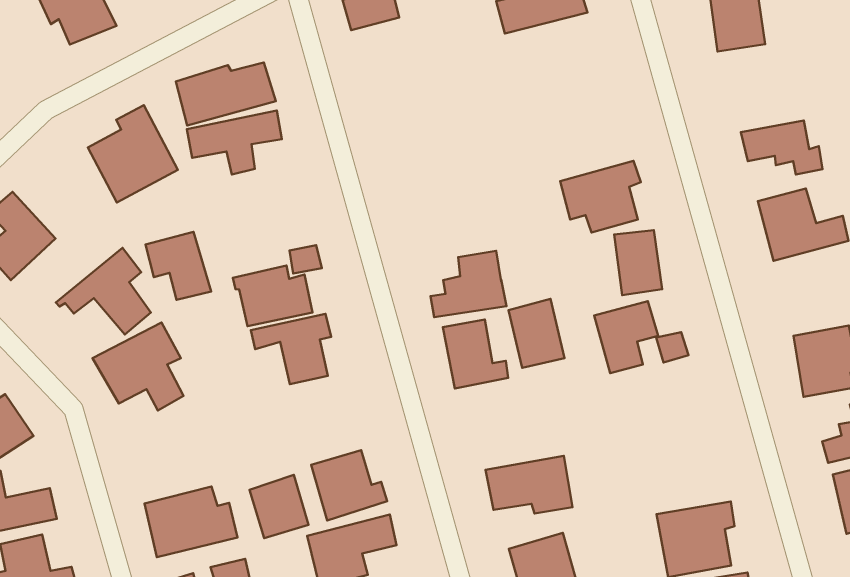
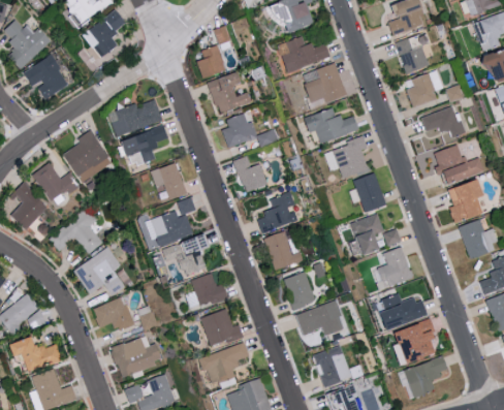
building: none -> [303,63,347,103]
building: none -> [208,73,252,114]
building: none -> [405,72,443,107]
building: none -> [221,114,279,149]
building: none -> [303,108,359,143]
building: none -> [33,163,80,203]
building: none -> [233,156,267,193]
building: [145,232,211,300] -> [150,162,188,200]
building: none -> [447,180,480,222]
building: [508,299,564,368] -> [283,272,316,311]
building: none -> [377,248,412,288]
building: none -> [92,298,131,329]
building: none -> [376,294,428,330]
building: [249,475,309,538] -> [190,272,224,308]

